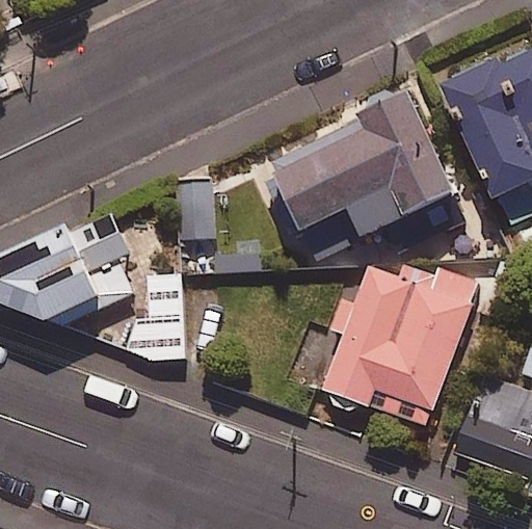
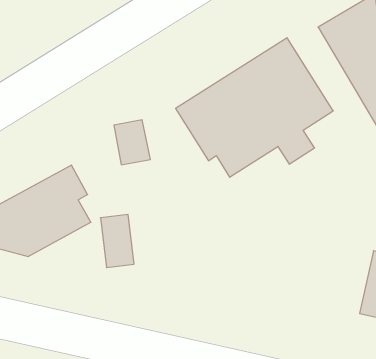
building: [324,265,478,425] -> none

